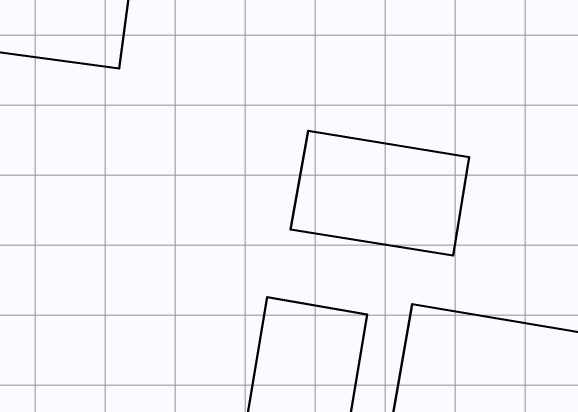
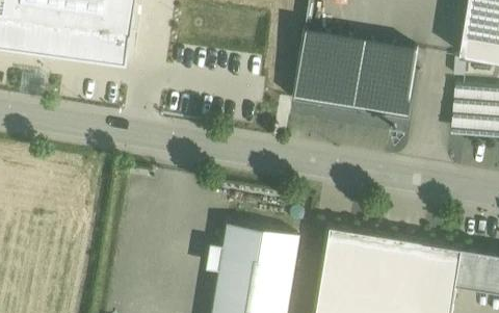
building: [291,131,469,255] -> [291,31,419,121]

